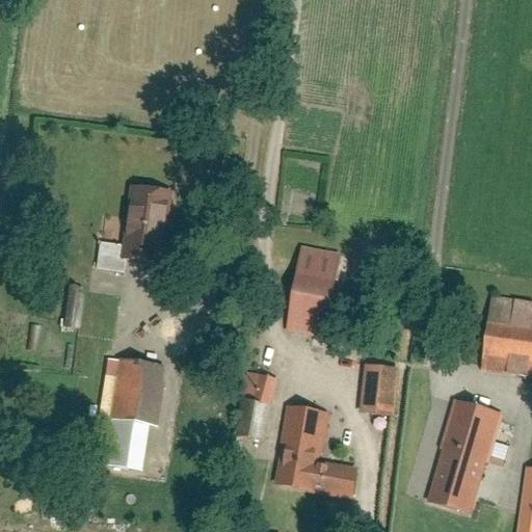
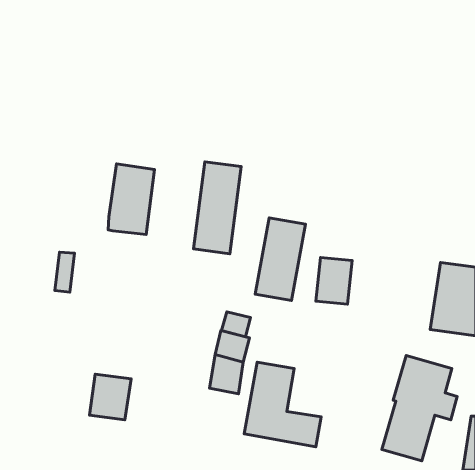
building: none -> [194,162,241,254]
building: [97,239,127,271] -> none
building: none -> [221,312,250,337]
building: [97,354,165,425] -> none
building: [360,363,400,415] -> [316,258,352,304]

